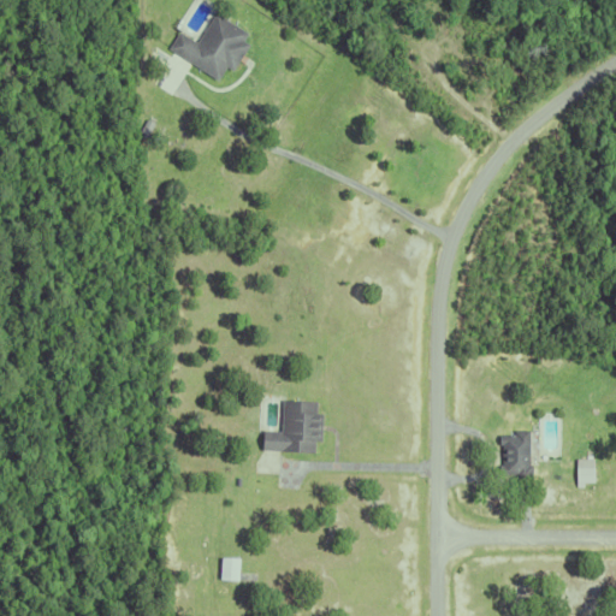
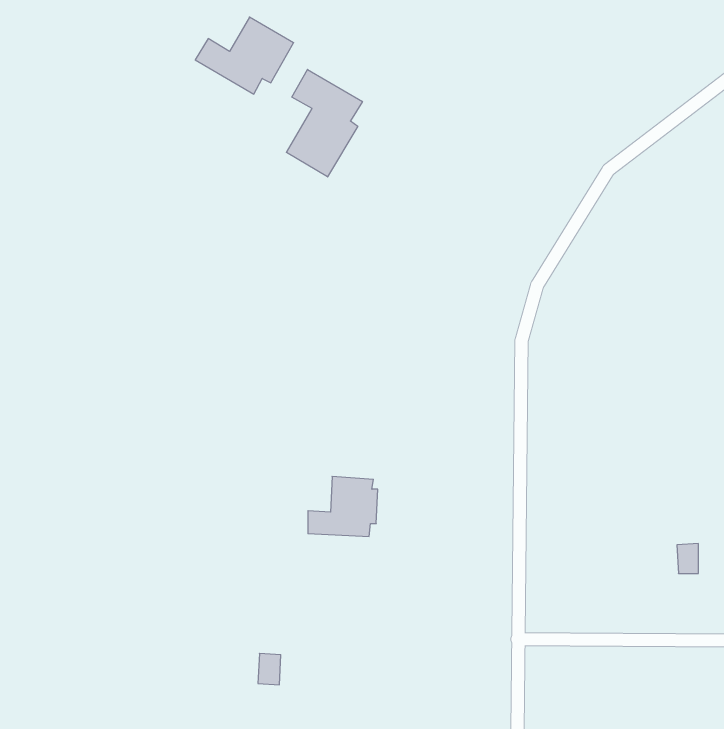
building: none -> [286,69,362,177]
building: [499,431,533,479] -> none

